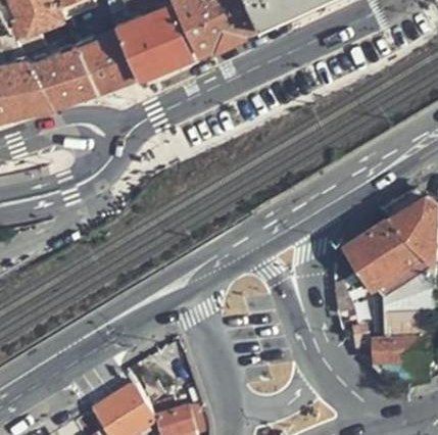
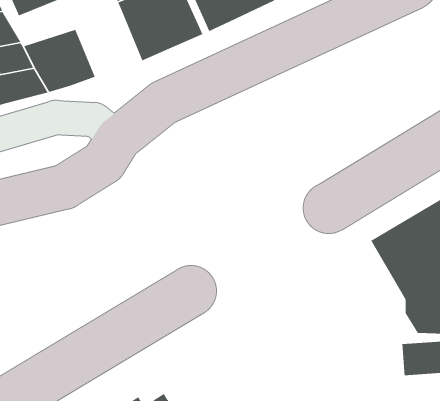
building: [76,36,136,97] -> none

